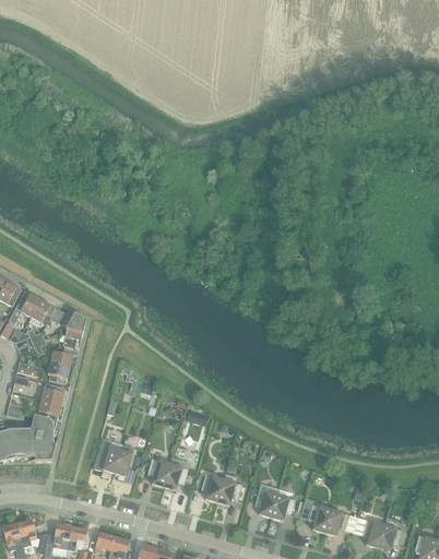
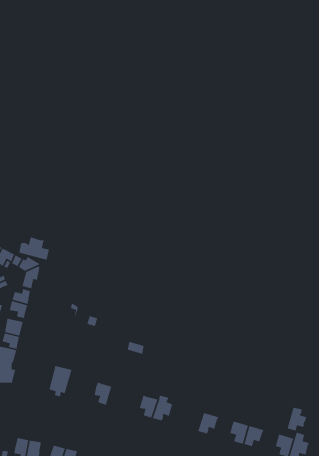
building: none -> [18,236,50,260]
building: [114,443,134,483] -> none
building: [163,456,190,490] -> none
building: [254,483,278,516] -> none
building: none -> [287,407,307,432]

